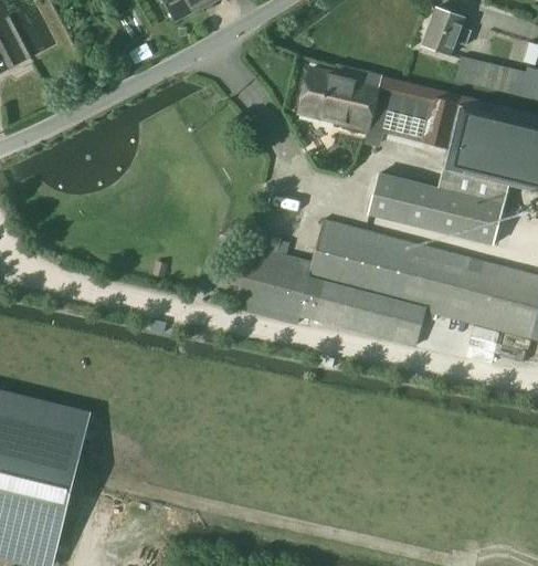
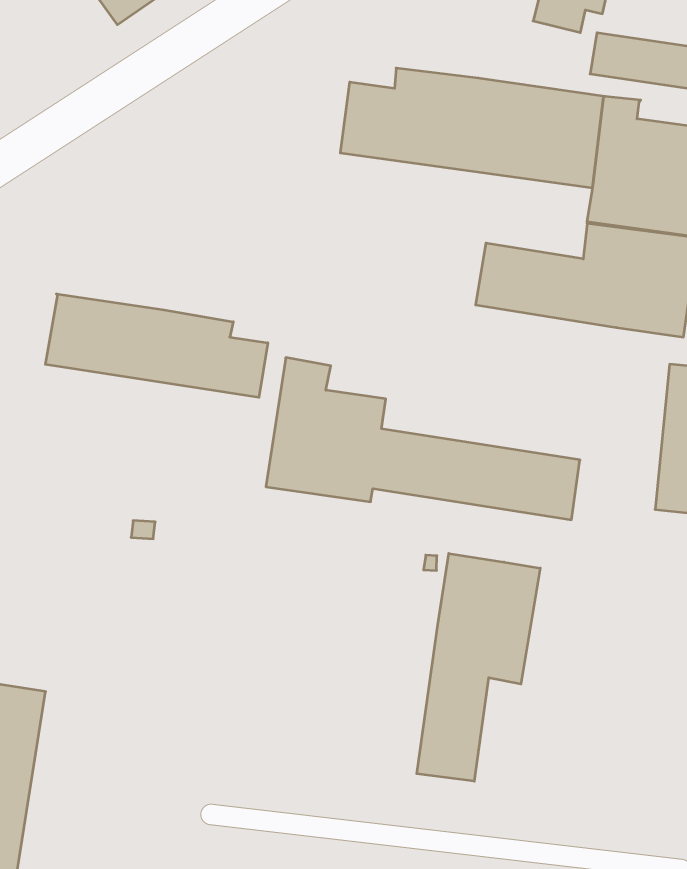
building: none -> [45,294,268,397]
building: [307,220,466,318] -> none
building: none -> [417,553,540,781]

